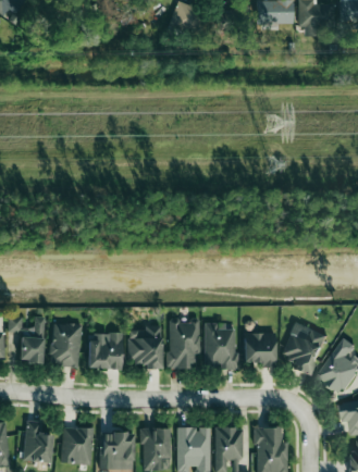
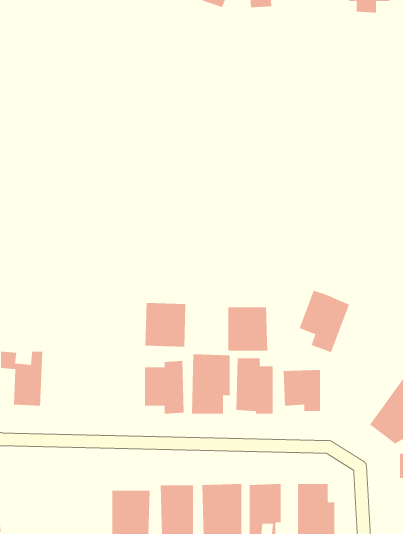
building: none -> [228,306,268,352]
building: [51,324,81,368] -> none
building: [283,324,325,376] -> [299,290,350,353]
building: [88,333,123,370] -> [144,303,186,347]
building: [24,421,51,463] -> none
building: [62,427,92,464] -> none

